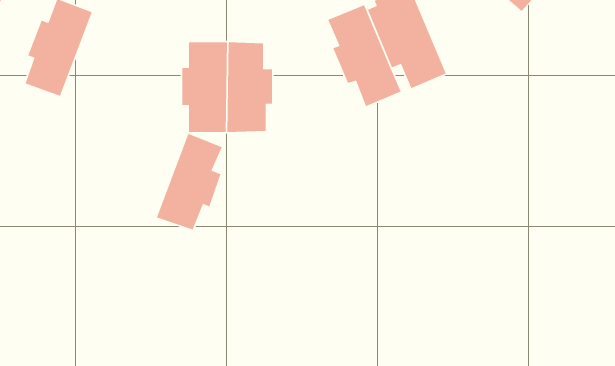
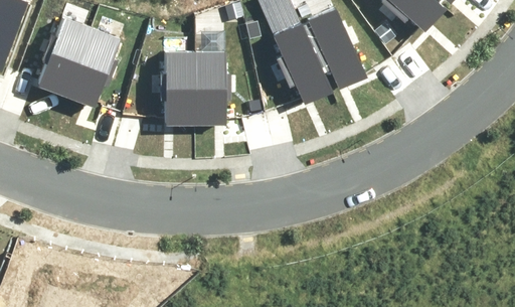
building: [156,133,223,231] -> [64,29,117,106]

